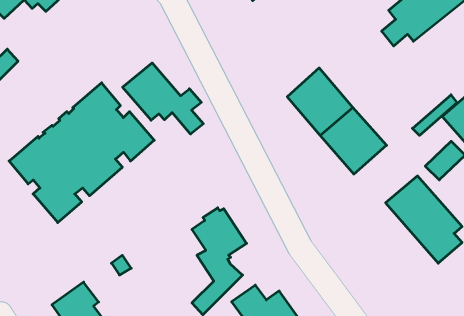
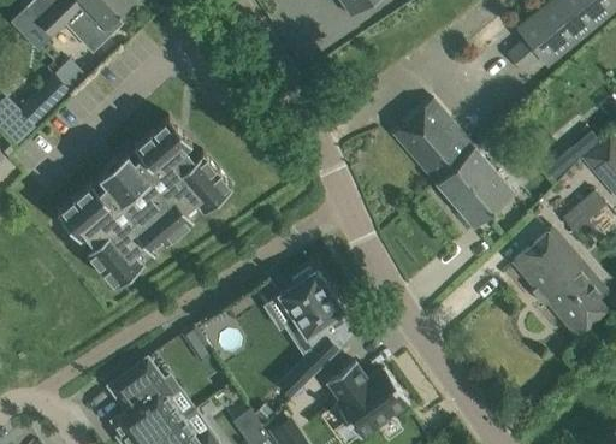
building: [123,63,203,134] -> none

